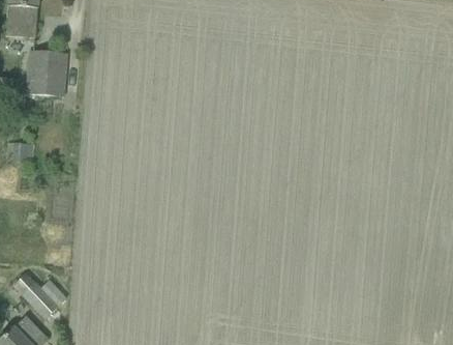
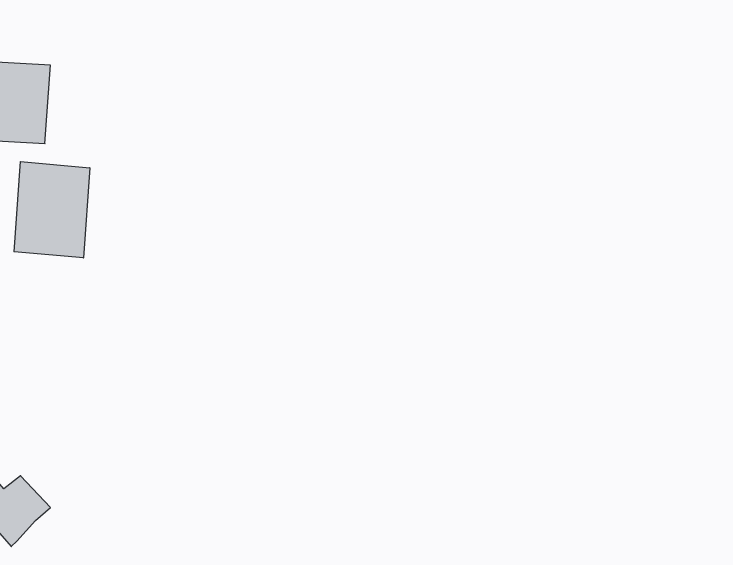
building: none -> [14,162,90,258]

